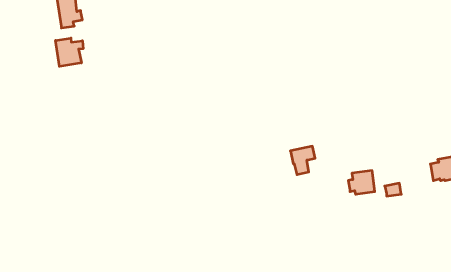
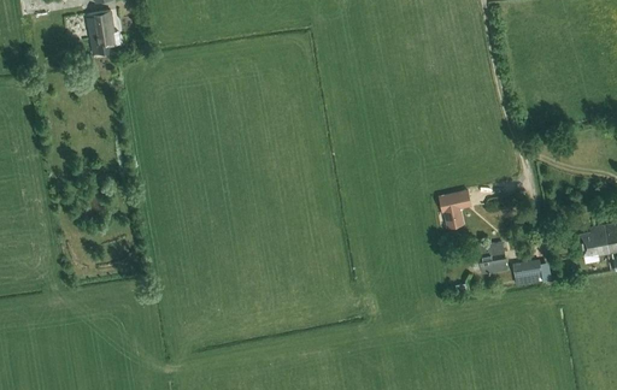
building: [56,38,83,66] -> none
building: [290,146,315,175] -> [439,190,471,228]

